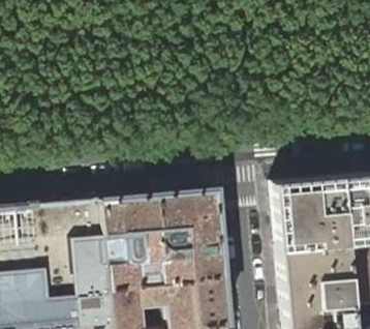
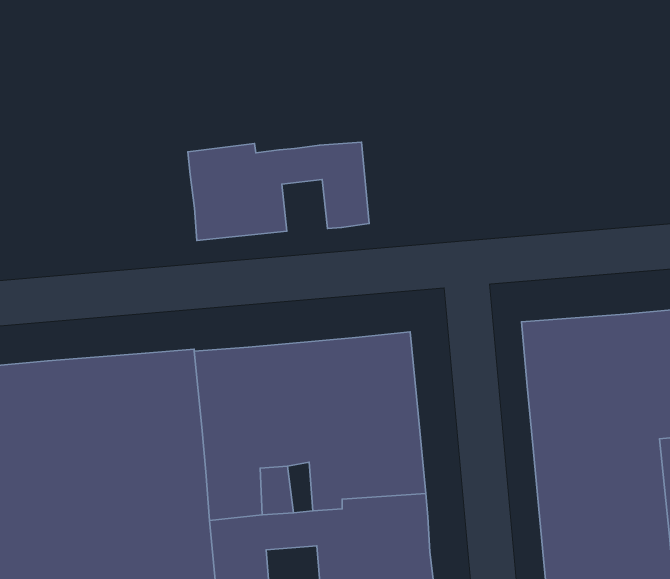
building: none -> [188,142,369,240]

